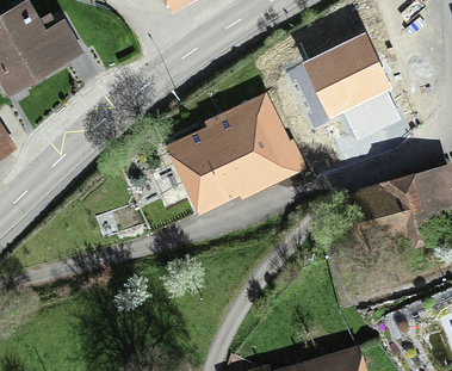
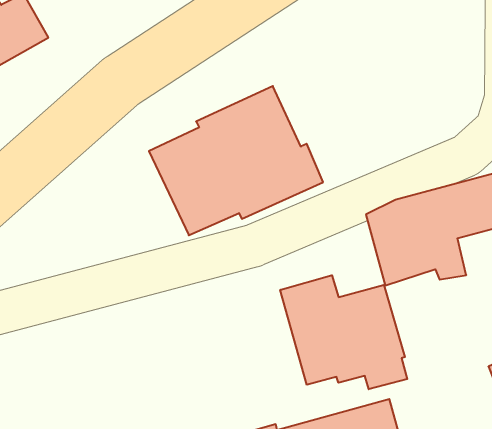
building: [304,37,391,119] -> none
building: none -> [280,275,407,389]

